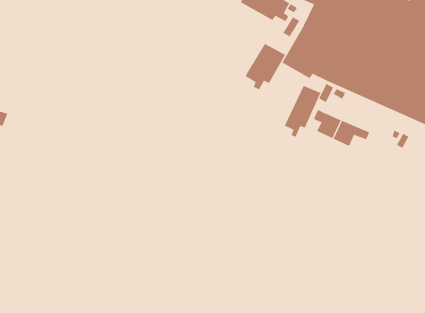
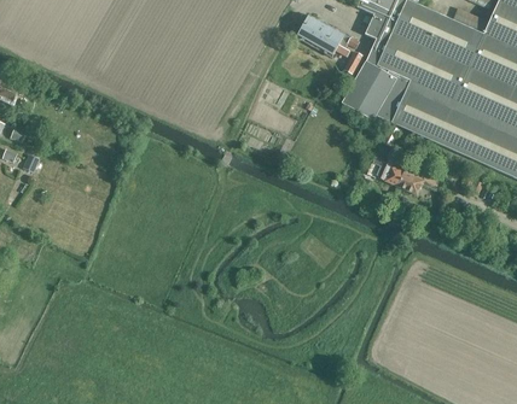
building: [245,43,286,90] -> none
building: [284,85,321,137] -> none

